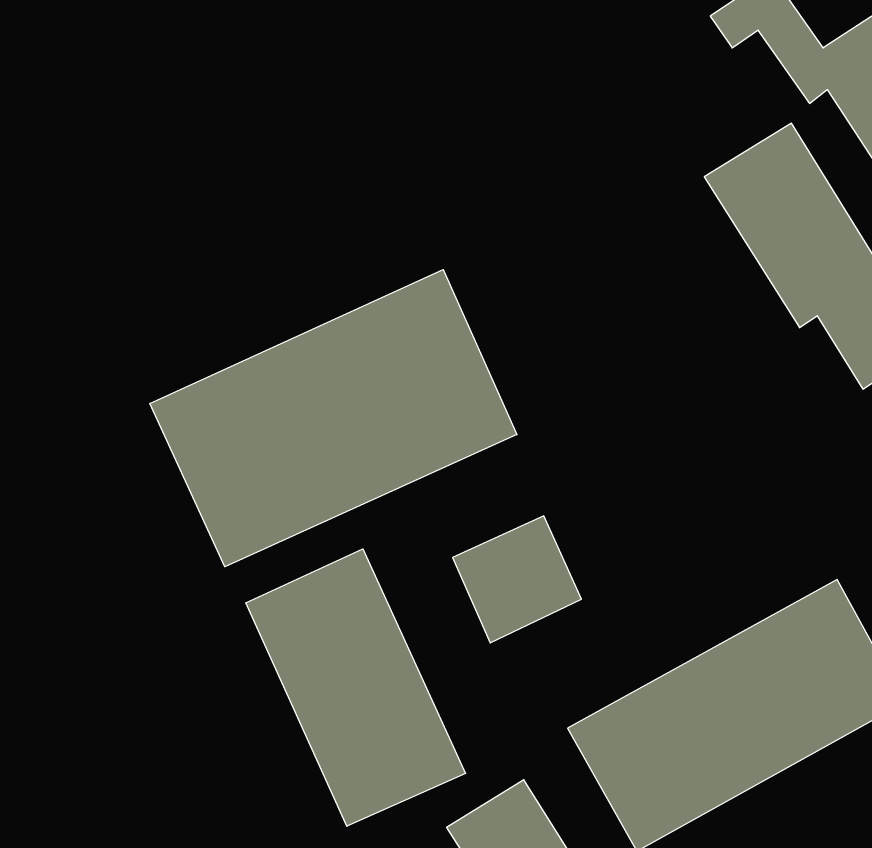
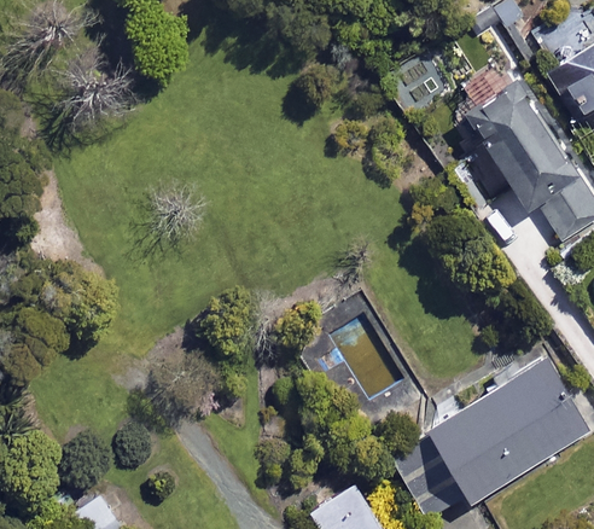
building: [150,270,517,567] -> none
building: [246,549,465,826] -> none

